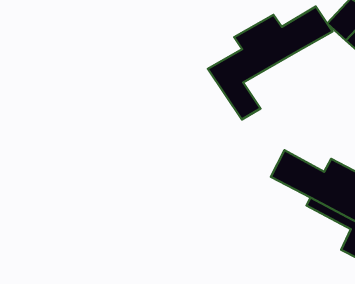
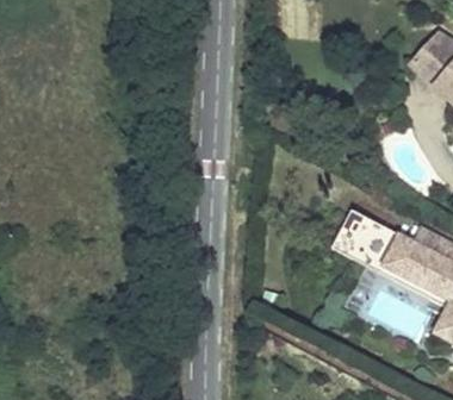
building: [208,7,332,119] -> none

